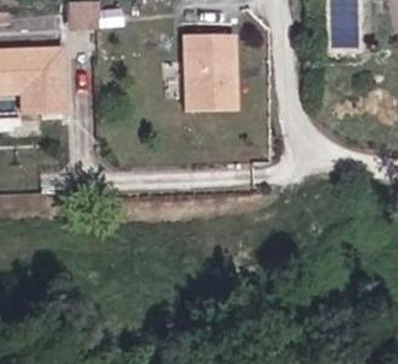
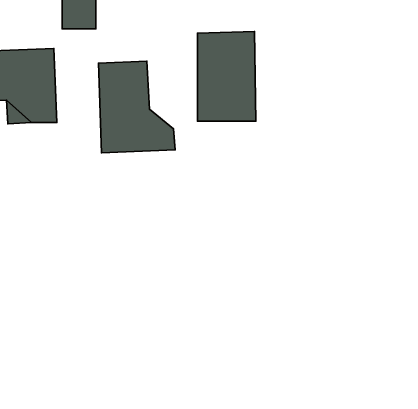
building: none -> [98,61,175,153]

